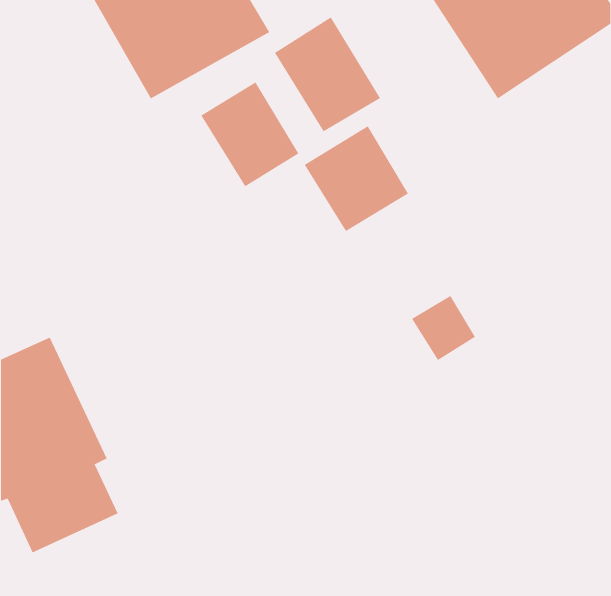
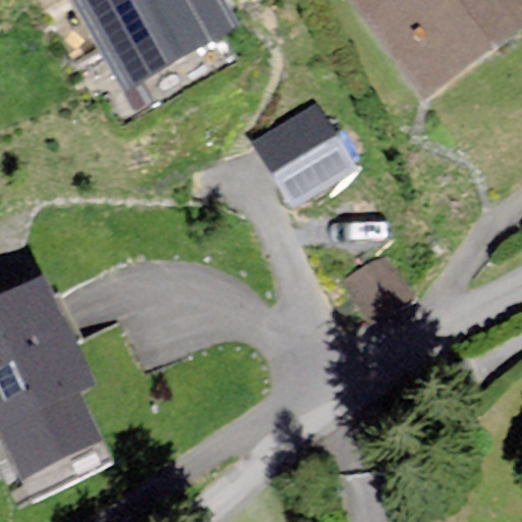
building: [274,17,381,132] -> none
building: [200,82,299,187] -> none

